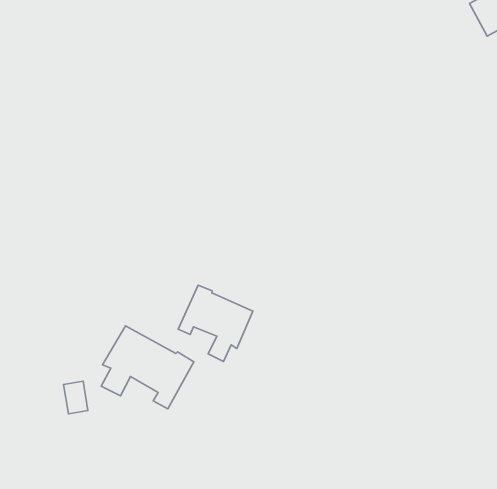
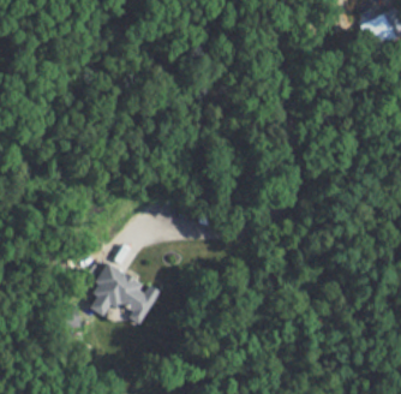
building: [178,285,253,361] -> none

